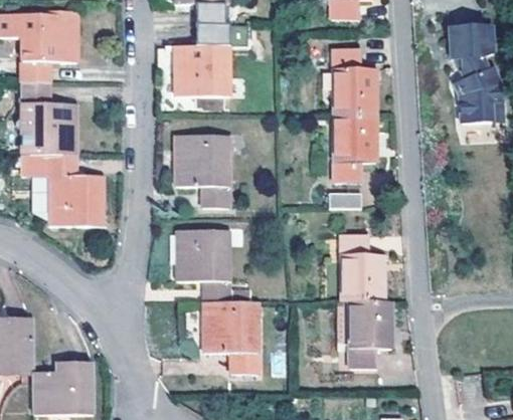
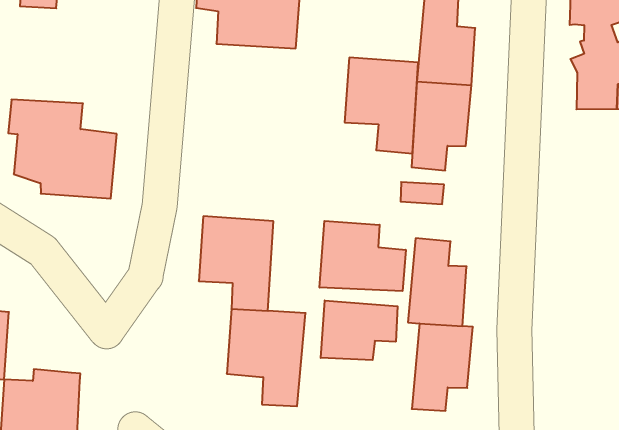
building: [21,82,76,156] -> none
building: [176,136,231,206] -> [345,58,418,153]
building: none -> [320,221,406,291]
building: none -> [321,300,398,360]

